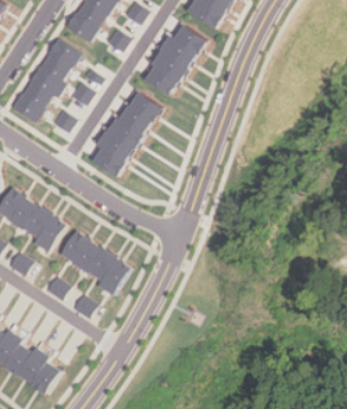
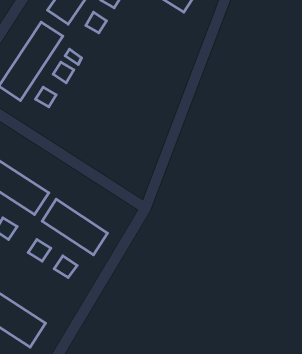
building: [144,25,204,94] -> none
building: [92,92,162,178] -> none

